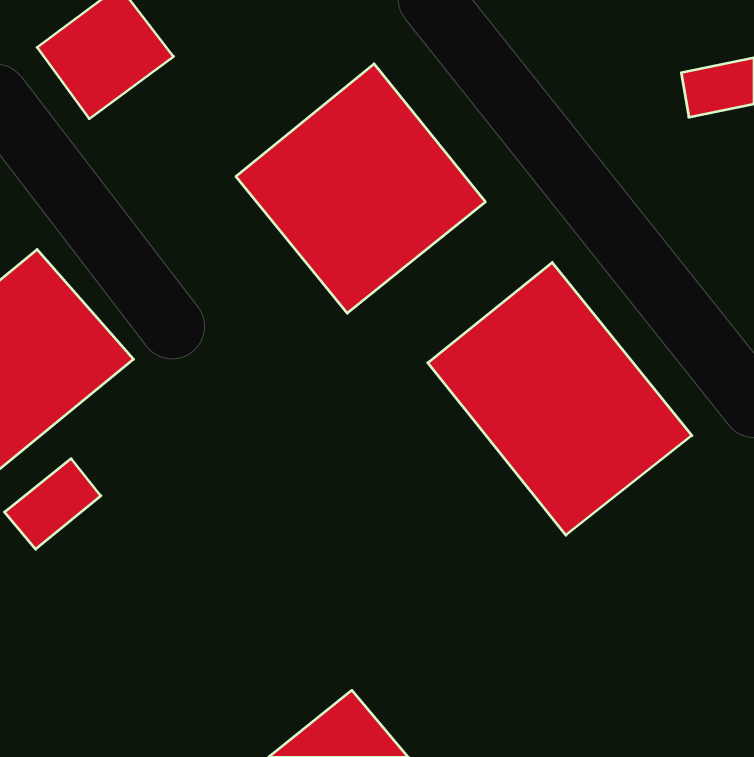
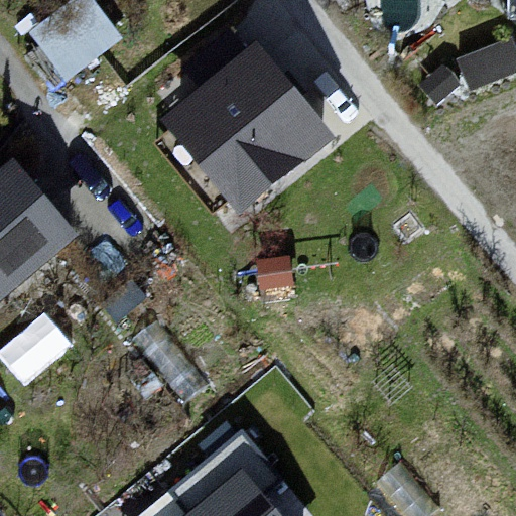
building: [428,262,692,535] -> none

